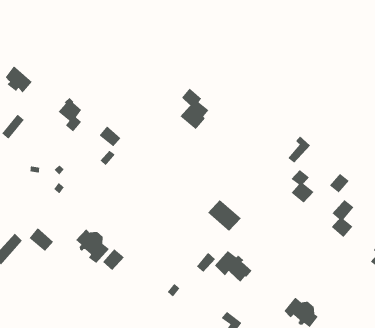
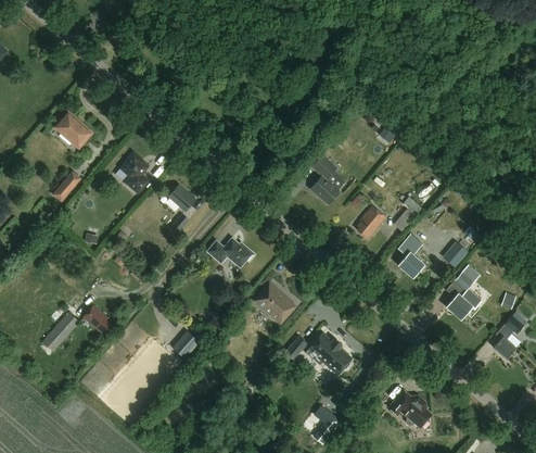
building: [179,87,210,130] -> [309,153,345,204]
building: none -> [356,204,385,238]
building: none -> [207,237,254,266]
building: [207,199,242,232] -> [254,282,295,322]
building: [75,228,110,264] -> none

